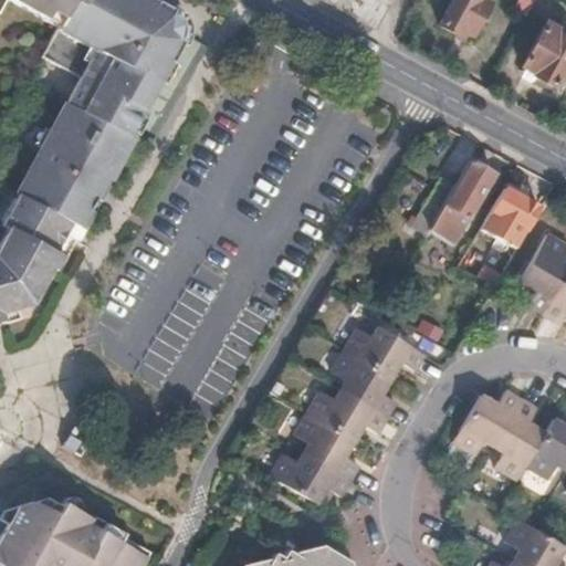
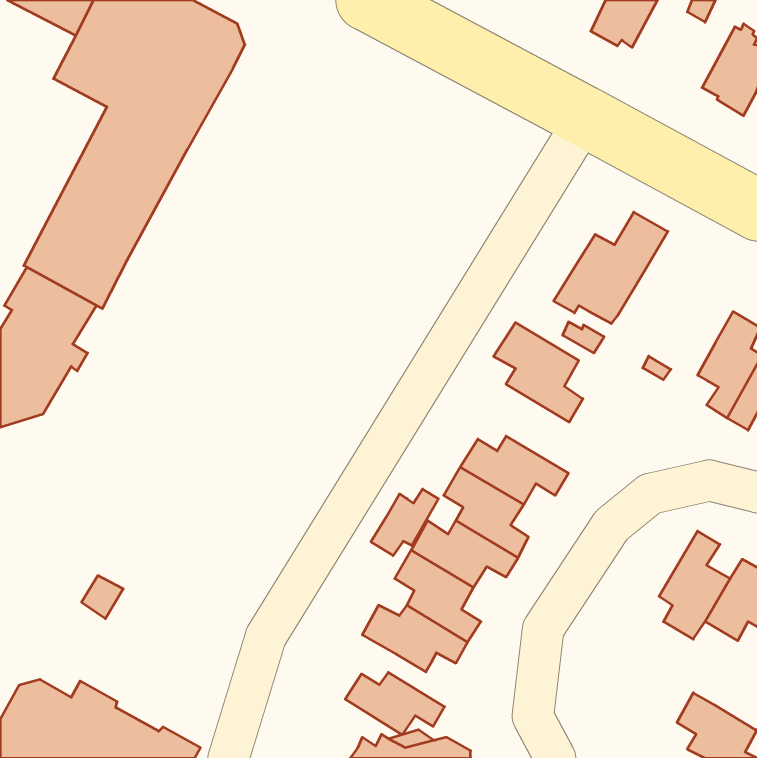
building: [486,179,541,241] -> none
building: none -> [494,323,583,422]
building: none -> [371,489,438,556]
building: [454,388,521,452] -> none
building: none -> [345,672,445,735]

